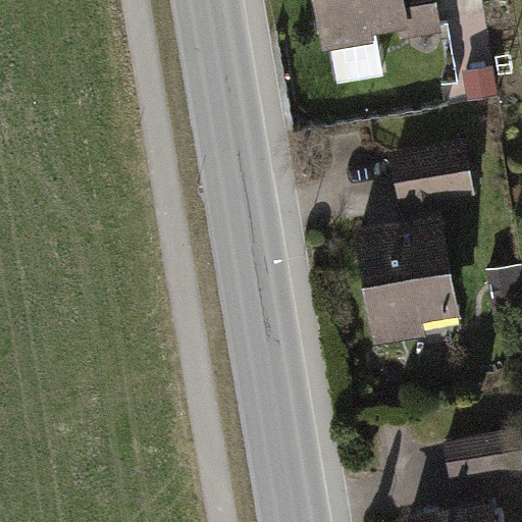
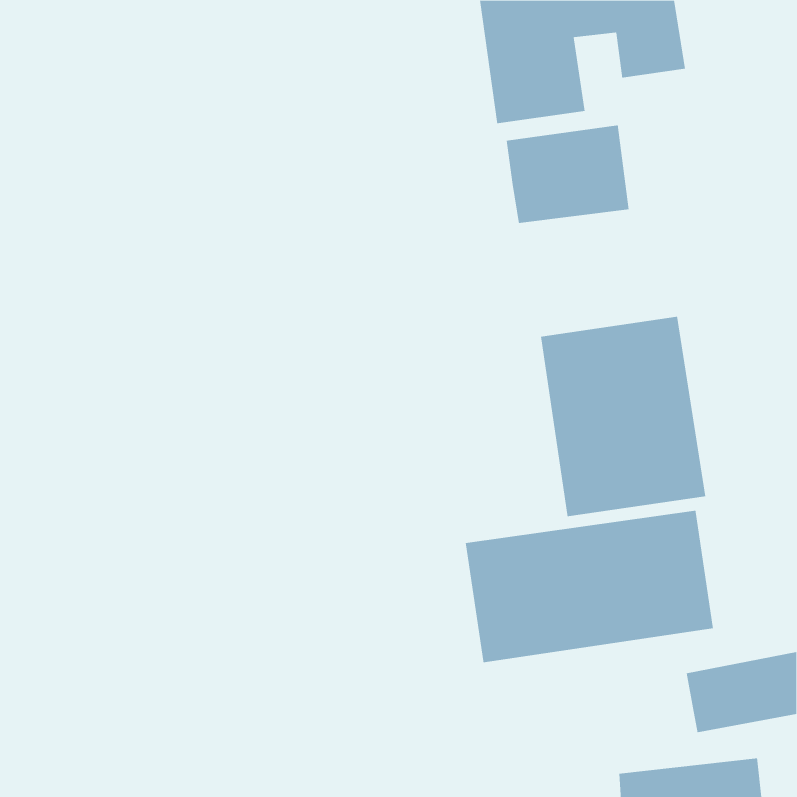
building: [392,140,472,204] -> [506,125,629,224]
building: none -> [465,510,714,663]

